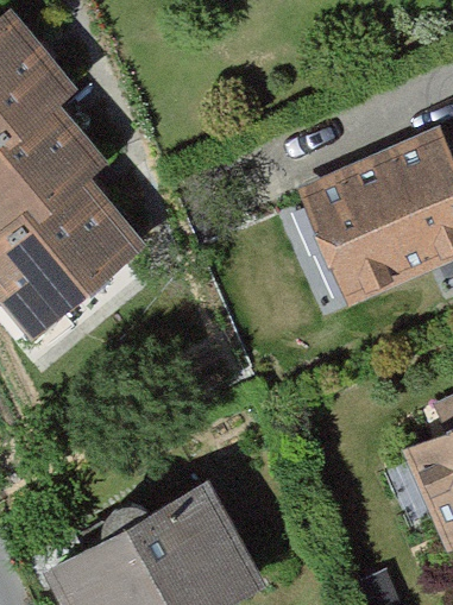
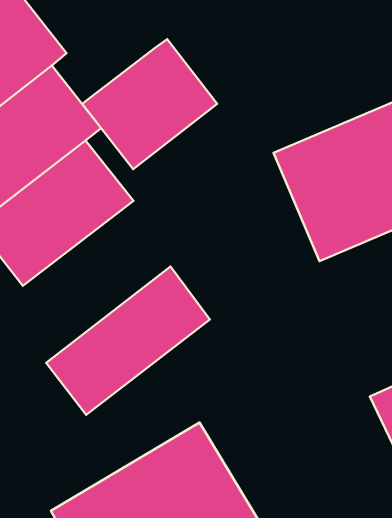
building: none -> [82,39,217,169]
building: none -> [46,266,210,415]

